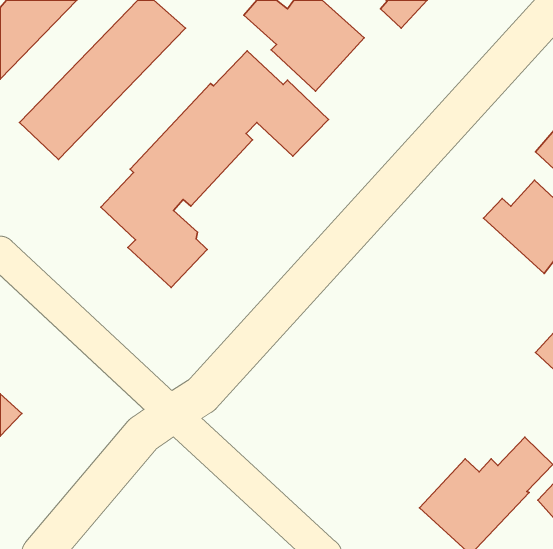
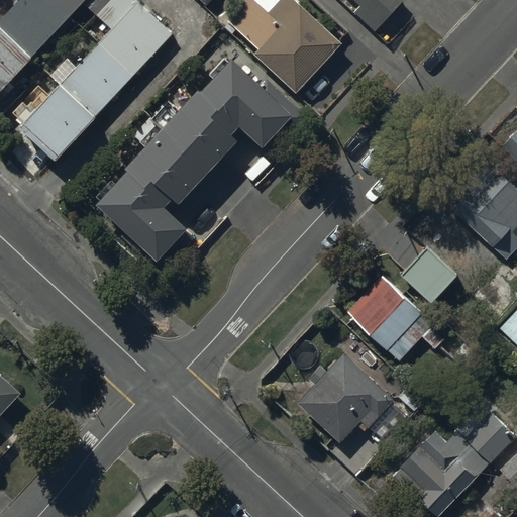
building: none -> [404,253,460,309]
building: none -> [350,283,436,368]
building: none -> [301,363,398,452]

